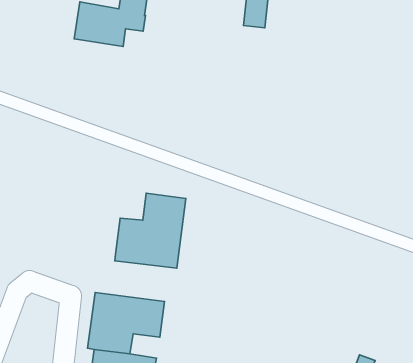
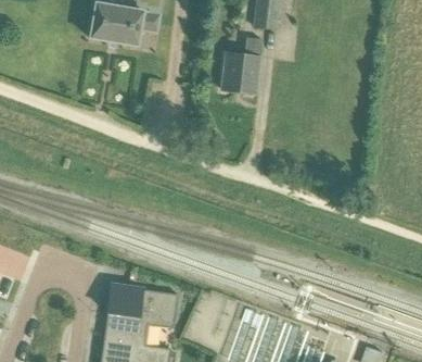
building: none -> [220,39,260,93]
building: [115,193,186,268] -> none

